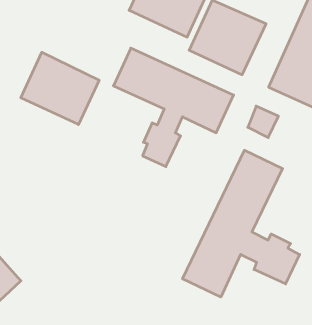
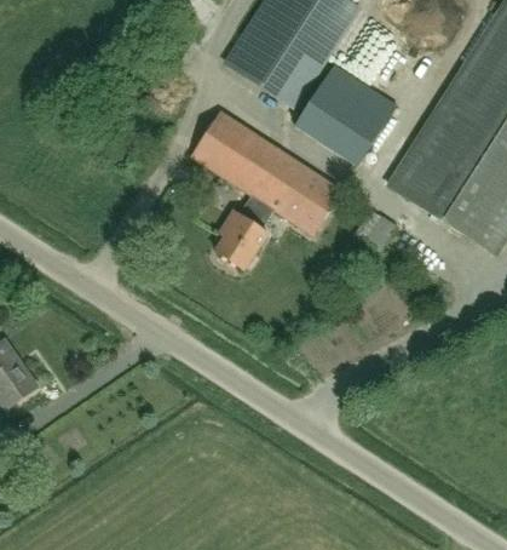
building: [21,52,99,125] -> none
building: [183,150,300,297] -> none

